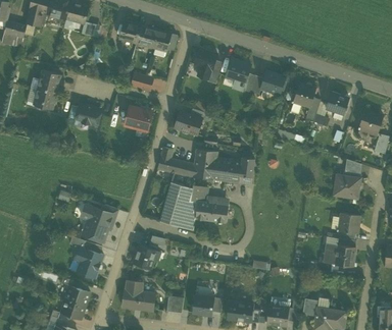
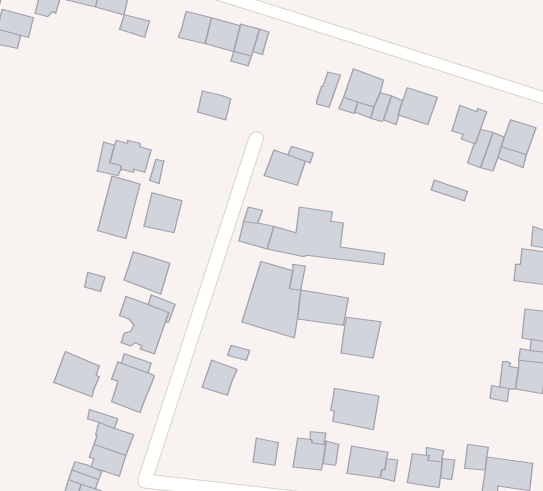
building: [193,48,216,78] -> none
building: [33,69,60,109] -> [97,176,140,238]
building: [127,106,151,131] -> [144,193,182,233]
building: [223,156,254,176] -> none
building: none -> [124,252,170,294]
building: none -> [341,317,381,358]
building: none -> [54,352,99,397]
building: none -> [331,388,379,430]
building: [121,279,155,310] -> none

